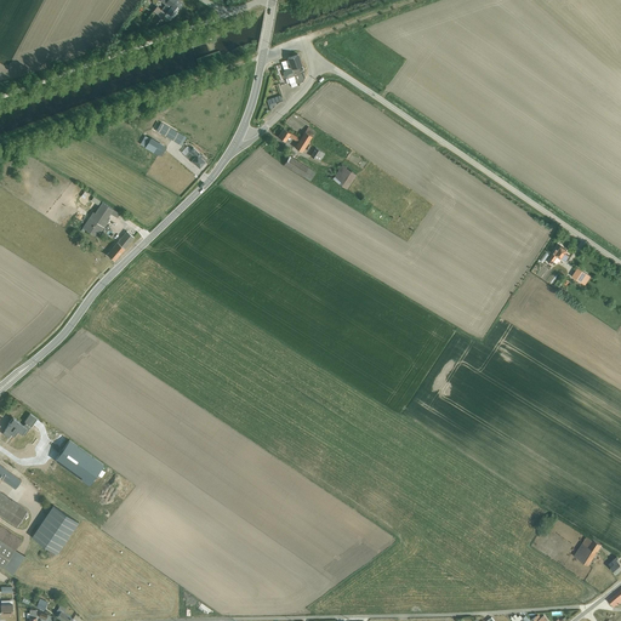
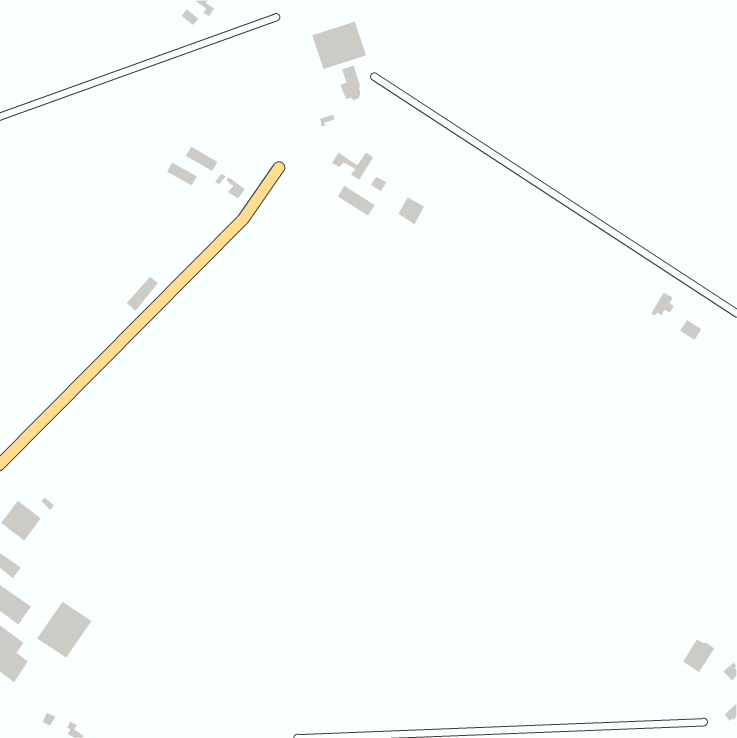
building: none -> [311,21,367,70]
building: [81,201,120,238] -> none
building: [55,440,104,485] -> none

